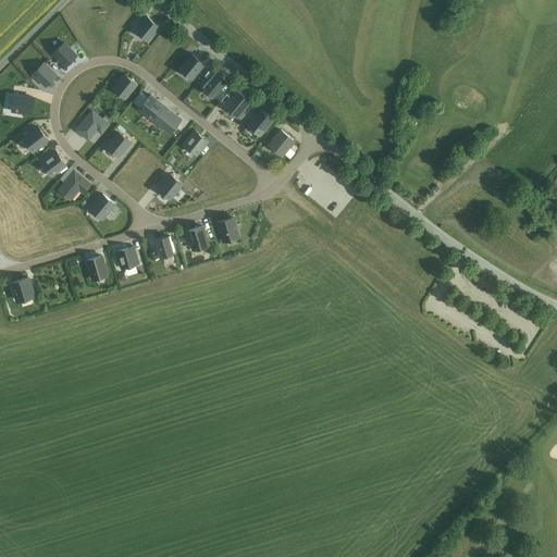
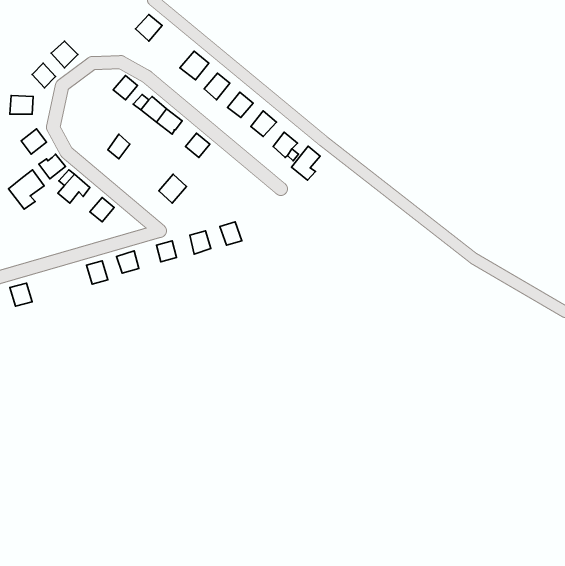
building: [75,112,107,140] -> none
building: none -> [292,146,320,180]
building: none -> [8,170,44,209]

